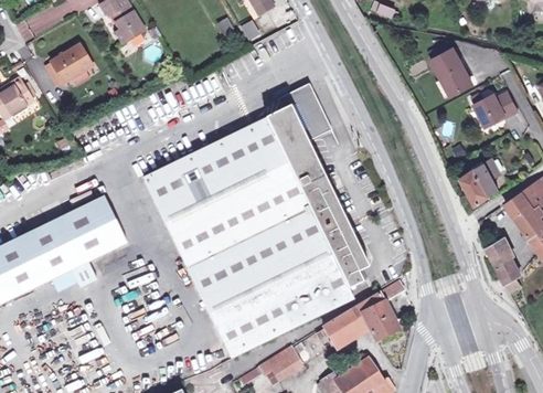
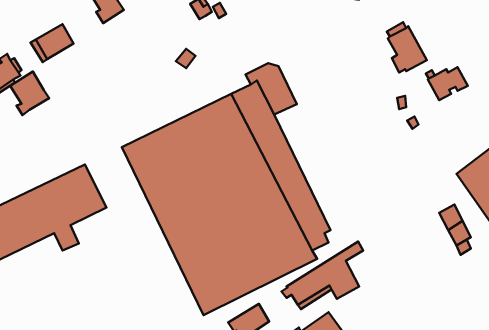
building: none -> [10,71,49,115]
building: [459,159,500,205] -> none

